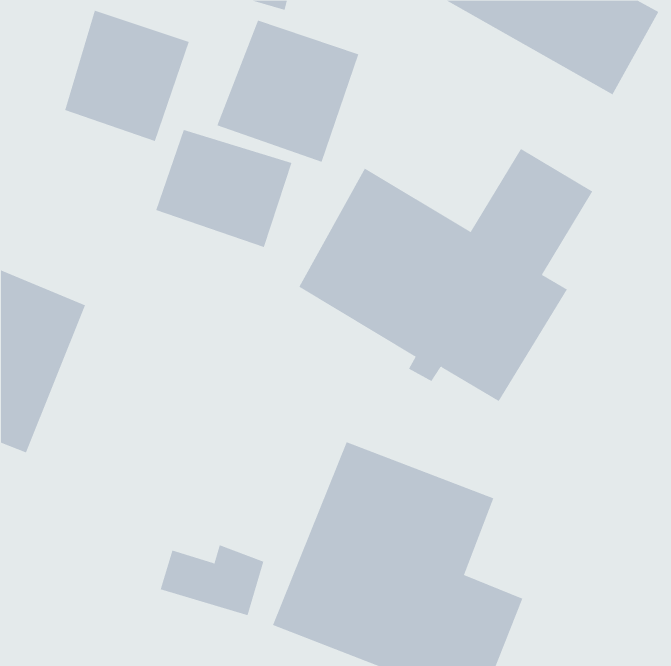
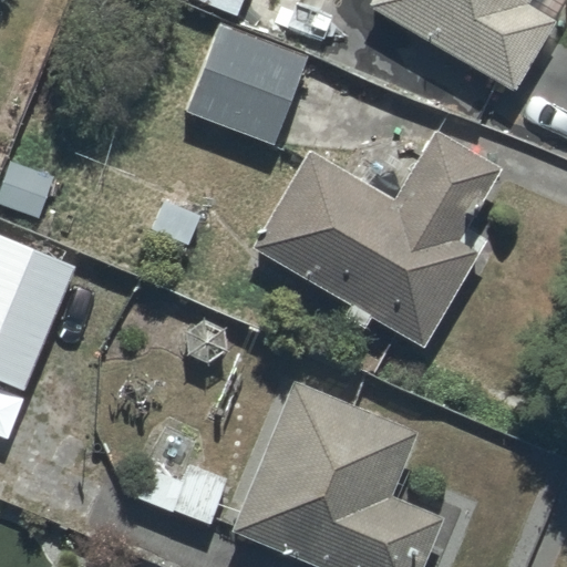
building: [64,10,189,142] -> none
building: [155,129,292,248] -> none

